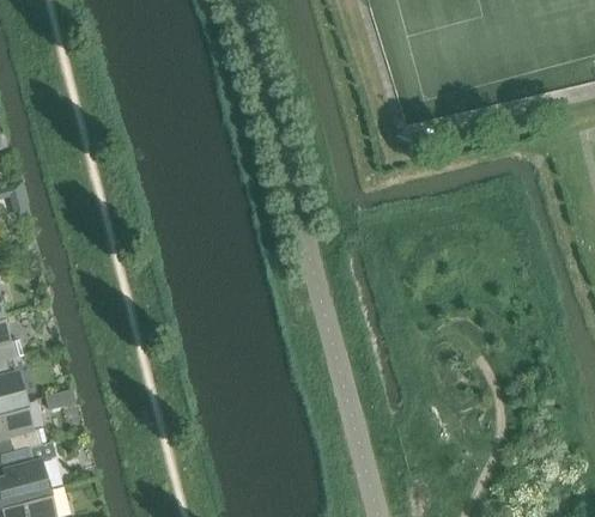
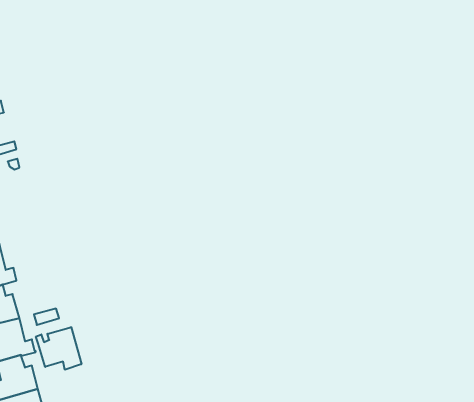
building: none -> [36,327,81,370]

